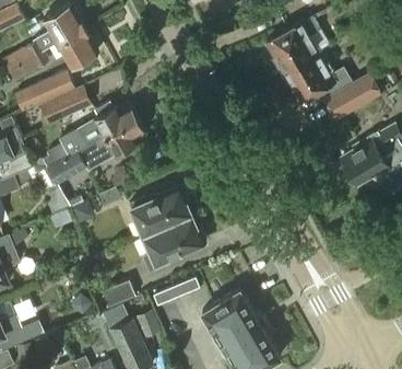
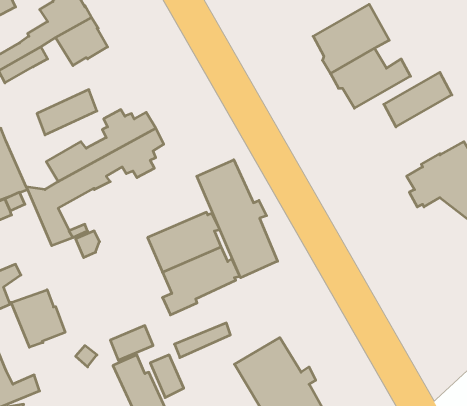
building: [15,71,75,113] -> none
building: none -> [197,160,278,278]
building: none -> [11,290,65,347]

